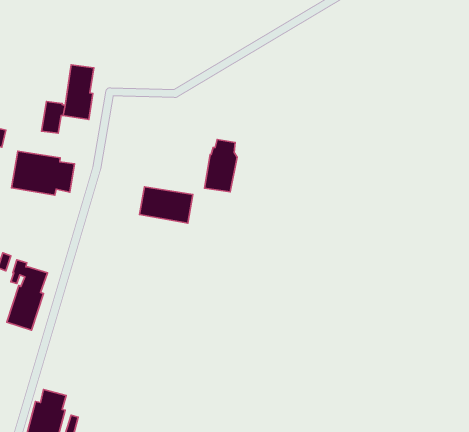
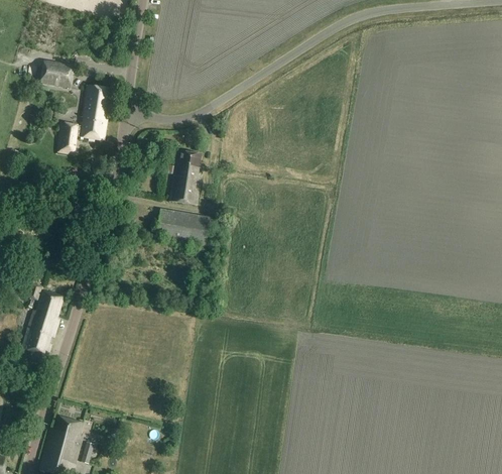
building: none -> [40,60,76,89]
building: [204,140,237,192] -> [169,151,203,205]
building: [12,151,75,195] -> none

